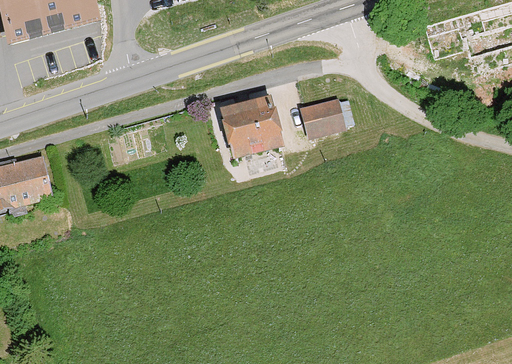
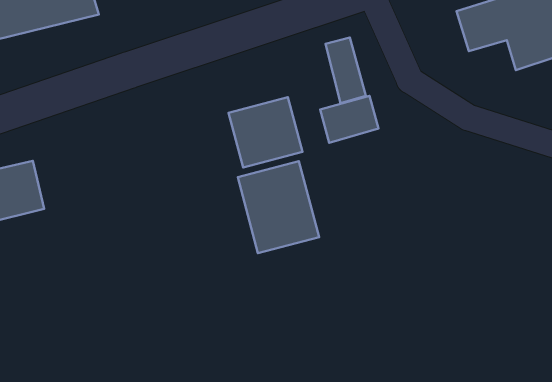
building: none -> [325,37,366,103]
building: none -> [238,161,319,253]

